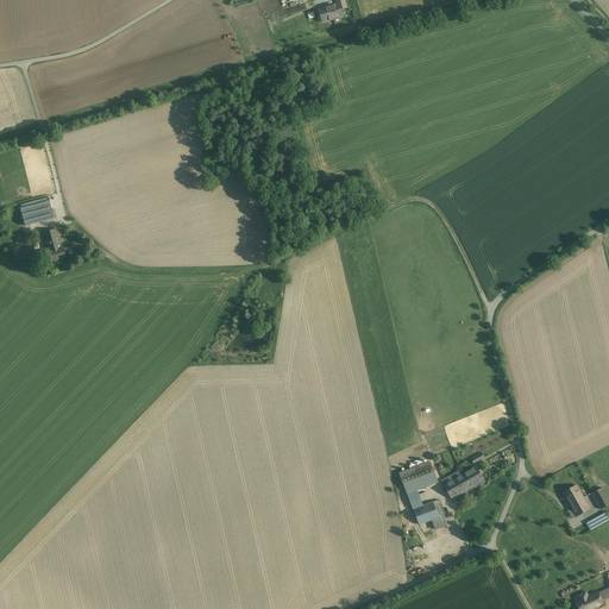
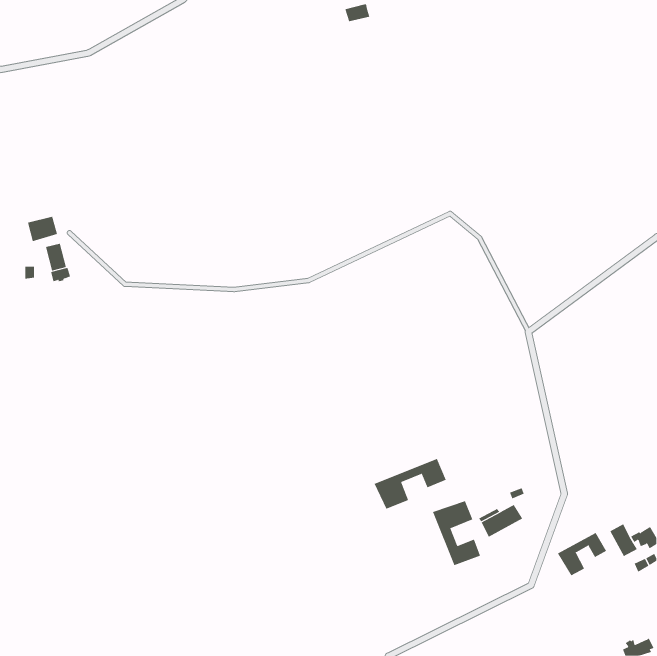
building: none -> [374,458,447,510]
building: none -> [557,532,607,576]

